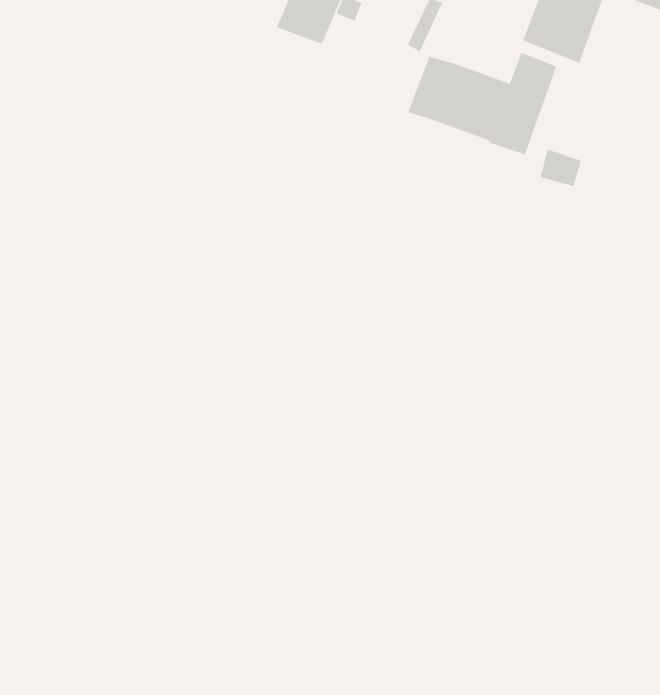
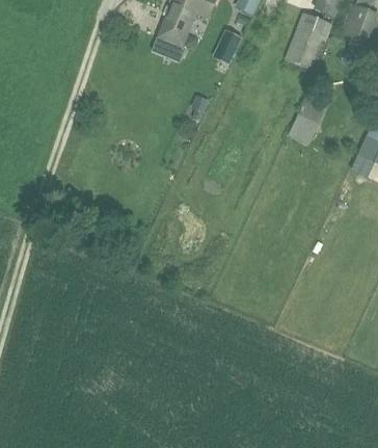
building: [407,52,557,155] -> none

